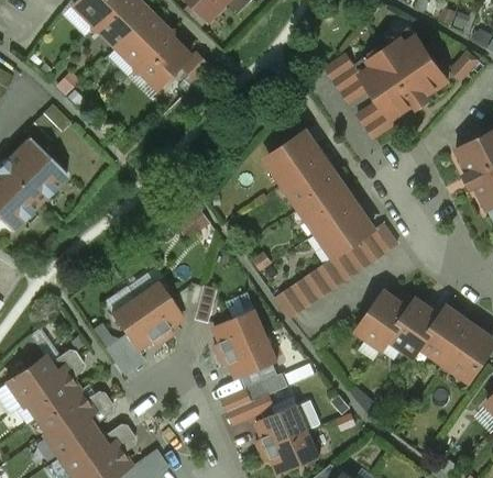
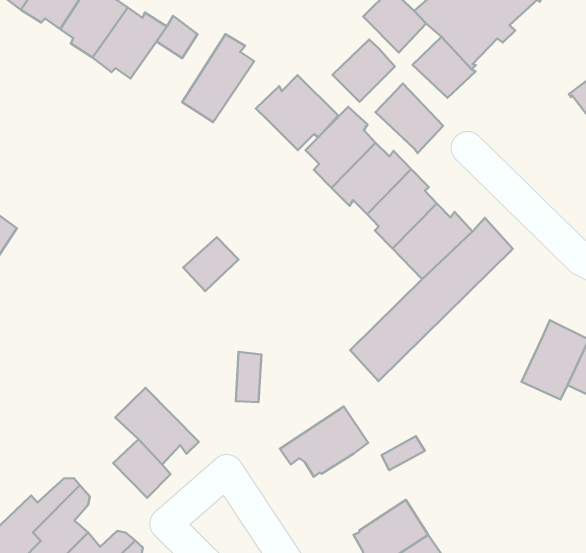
building: none -> [182,34,254,122]
building: none -> [332,40,395,102]
building: none -> [256,75,338,150]
building: none -> [376,84,443,153]
building: [133,281,182,341] -> none
building: [359,292,408,348] -> none
building: [215,309,265,355] -> none
building: [222,367,277,424] -> none

